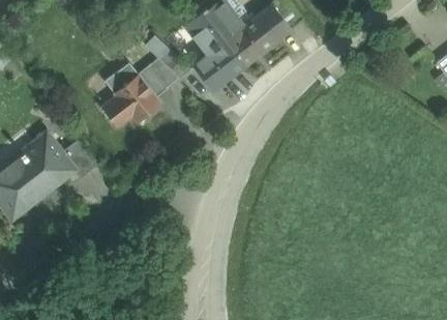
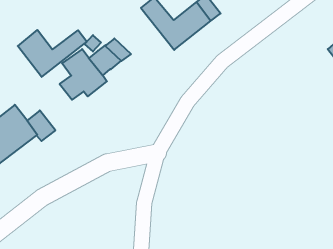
building: [185,12,244,89] -> none
building: none -> [18,30,87,77]

